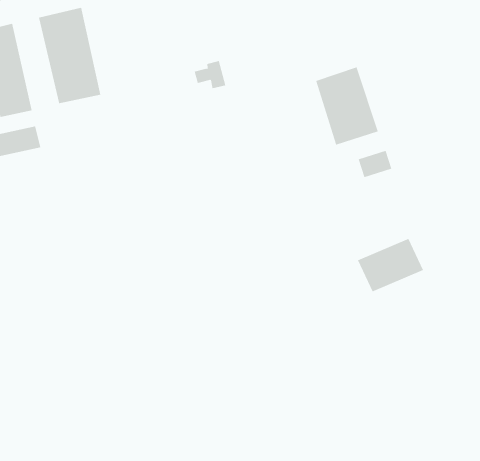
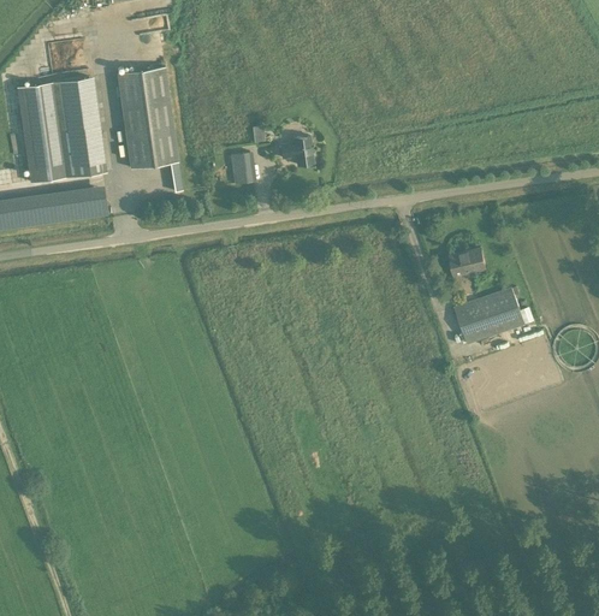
building: [315,67,379,145] -> none
building: none -> [231,153,254,184]
building: [357,238,424,292] -> [455,289,526,344]

